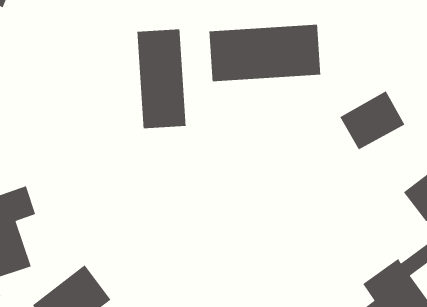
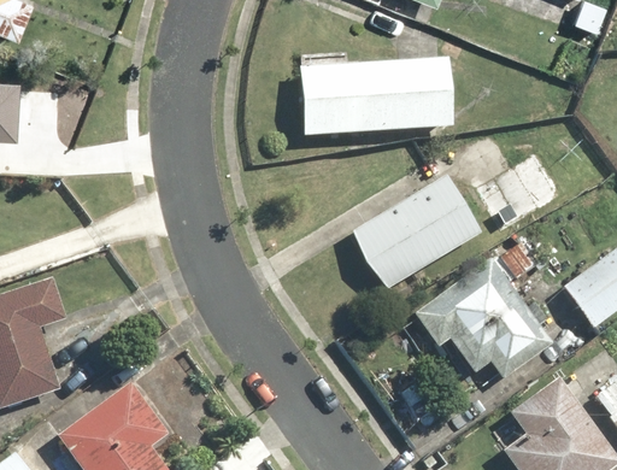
building: [136,28,187,129] -> none
building: none -> [354,175,480,287]
building: none -> [413,237,552,377]

